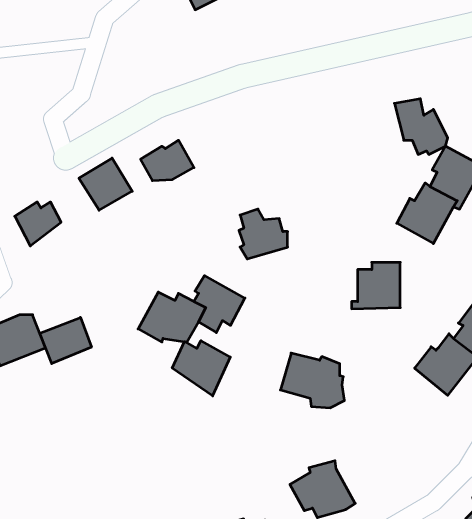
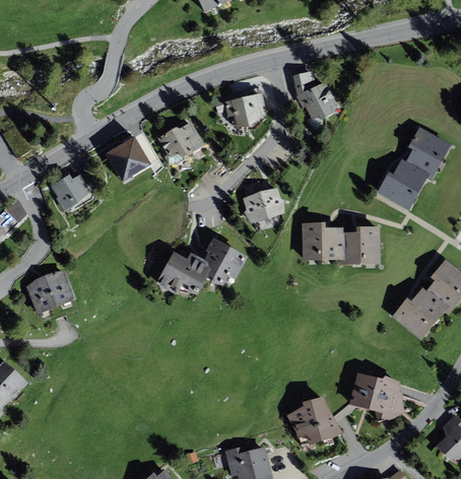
building: [394,99,448,154] -> [290,72,336,120]
building: none -> [223,93,264,127]
building: none -> [301,222,343,261]
building: [40,317,91,364] -> none
building: [172,341,230,396] -> none
building: [280,353,344,408] -> [348,372,403,419]

